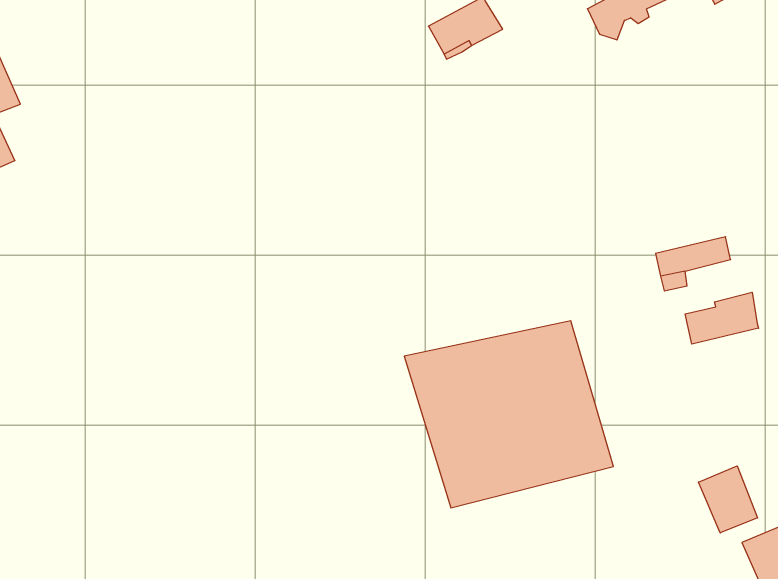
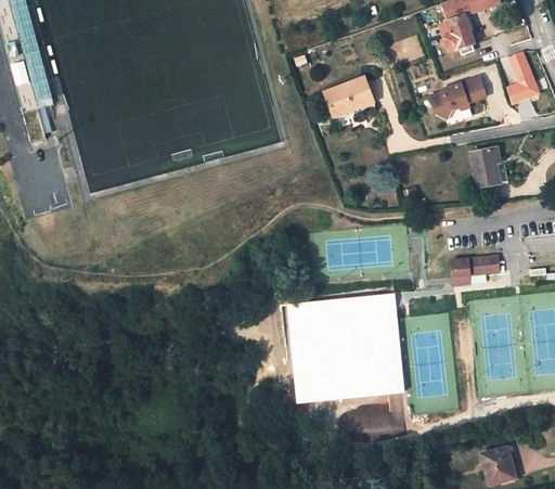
building: none -> [470,146,500,185]
building: [685,292,759,344] -> none
building: [698,466,758,533] -> none

